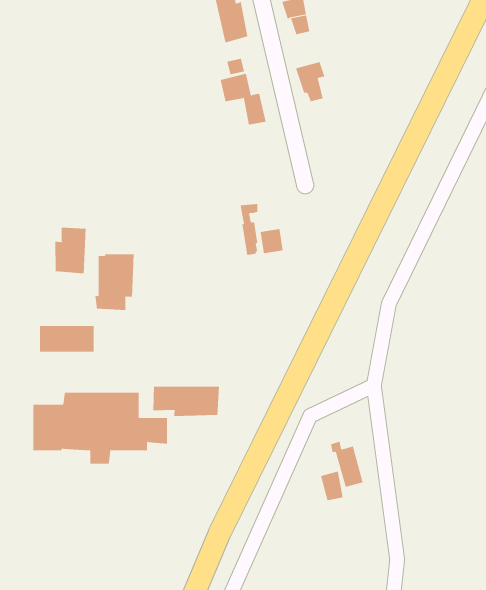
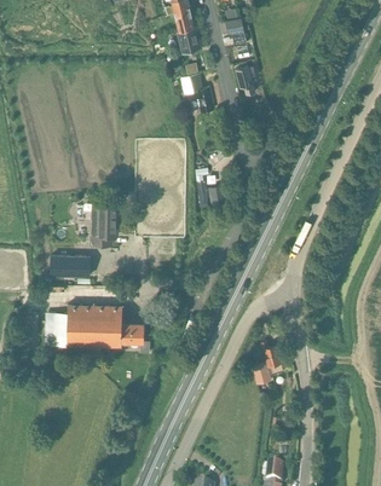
building: [55,227,86,274] -> none
building: [153,386,219,417] -> none

